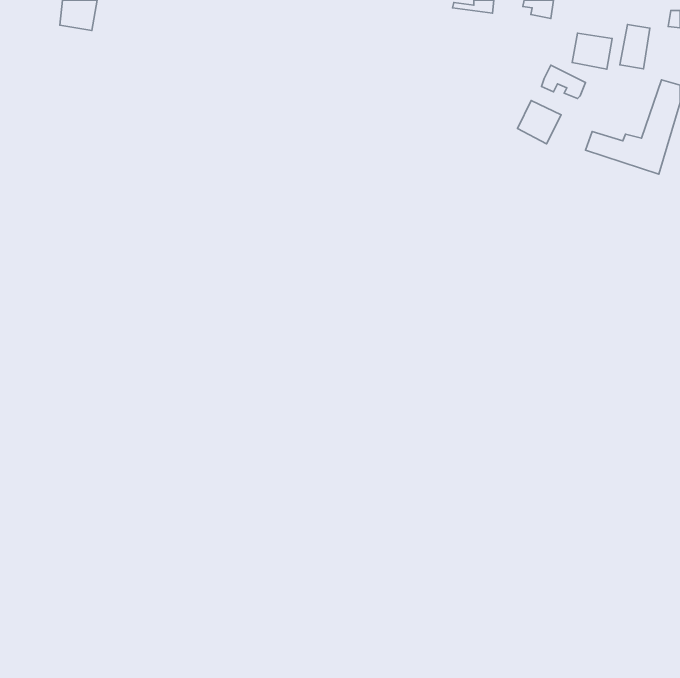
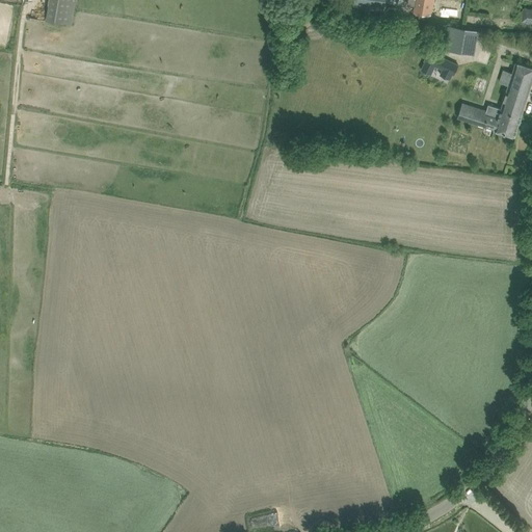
building: [620,25,650,69] -> none
building: [517,101,561,144] -> none

